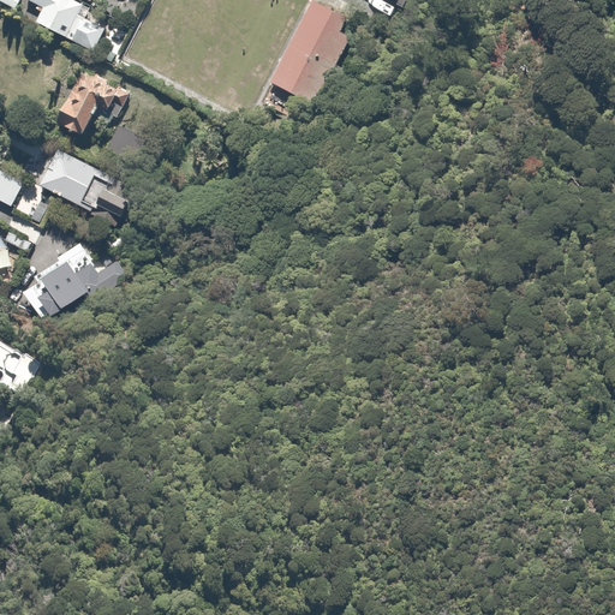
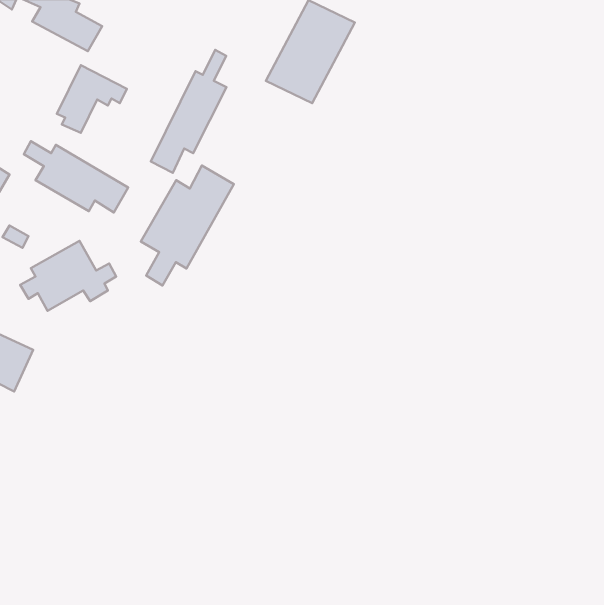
building: none -> [151,50,226,173]
building: none -> [141,166,234,286]

